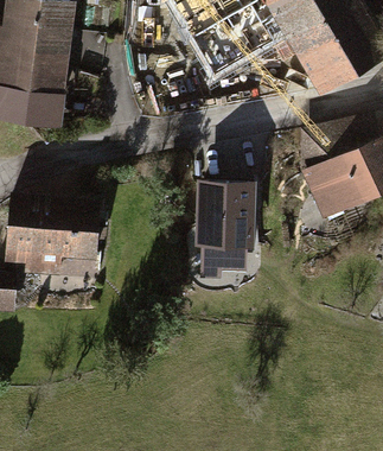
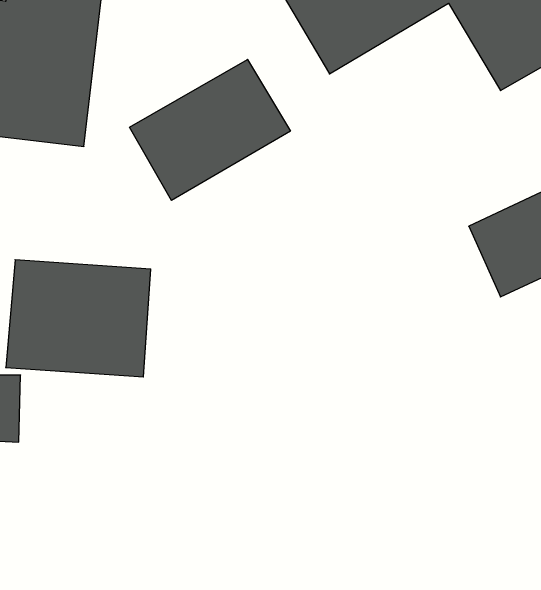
building: none -> [130,59,290,200]
building: [196,179,255,279] -> none

